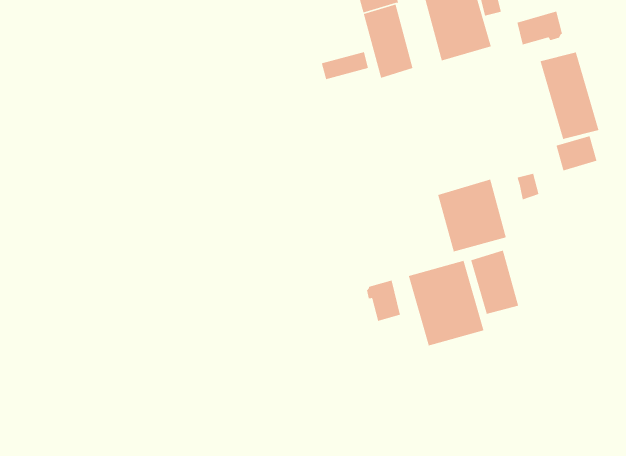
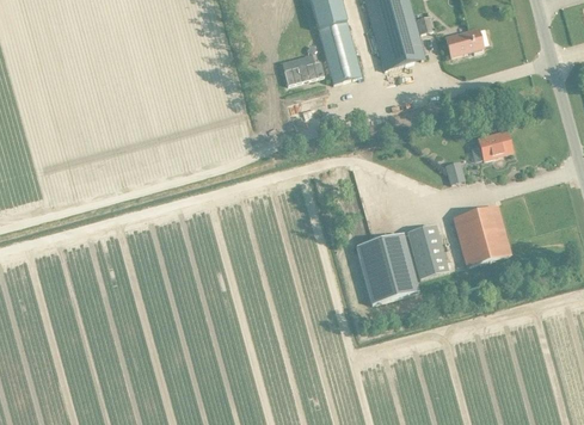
building: [539,51,600,140] -> none
building: [437,179,507,252] -> [453,204,510,265]
building: [366,279,401,322] -> none

